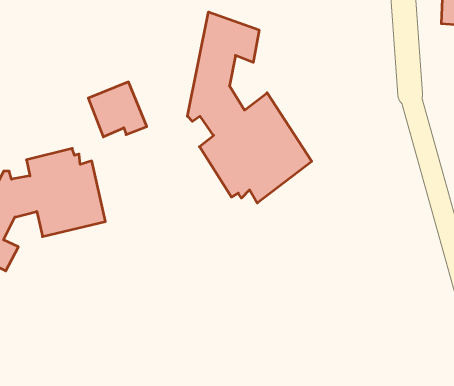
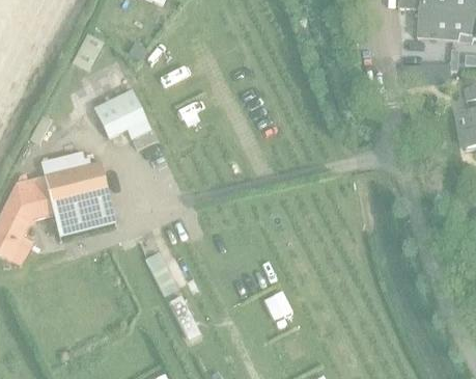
building: [187,12,312,203] -> none

